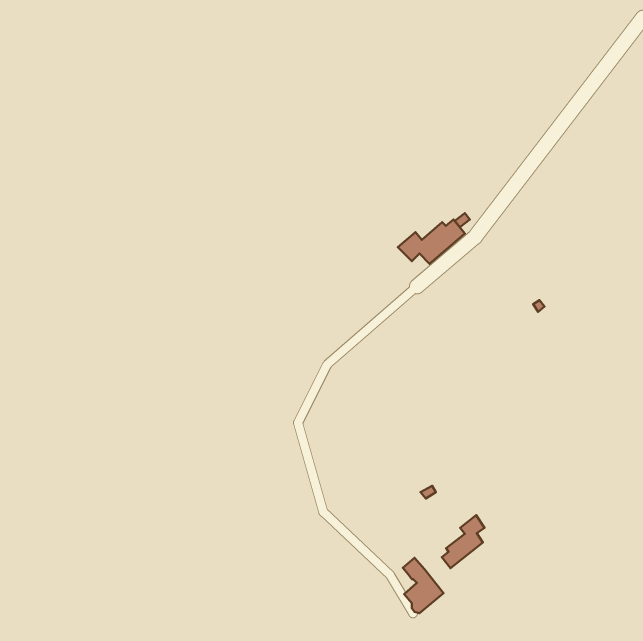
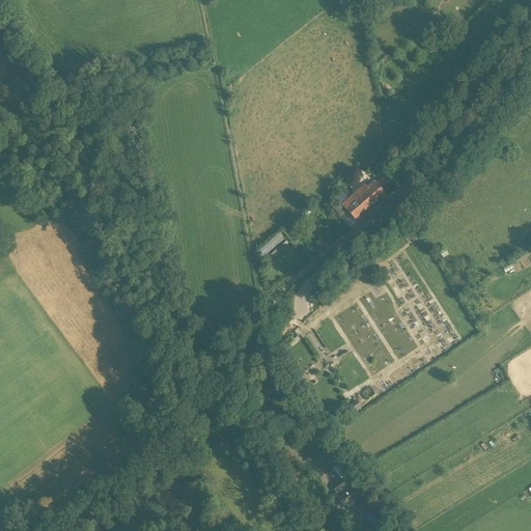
building: [442,515,485,568] -> none

